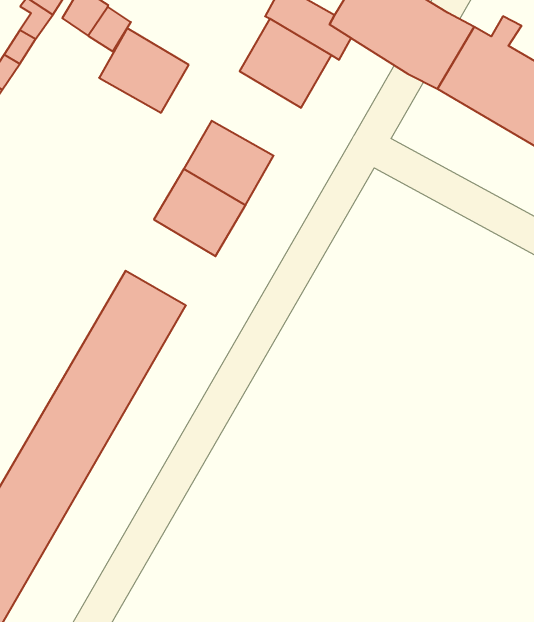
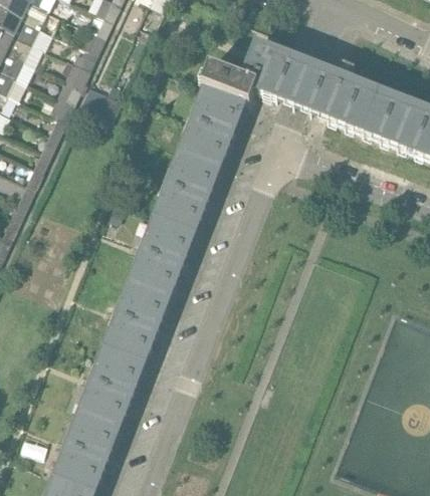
building: [99,28,189,113] -> [180,115,232,163]
building: none -> [143,212,195,260]

